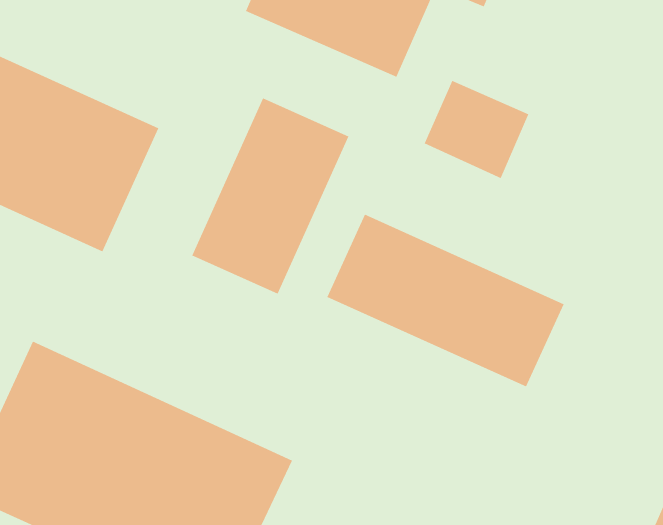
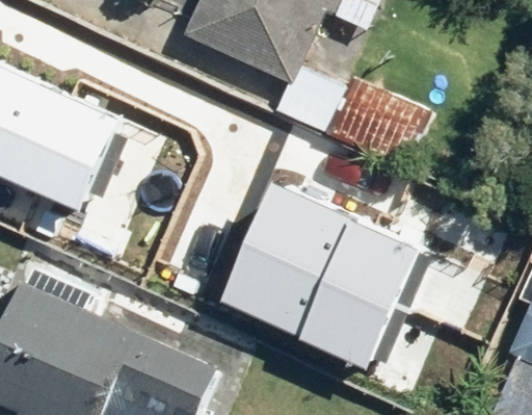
building: [191,98,349,294] -> none
building: none -> [220,244,395,370]

